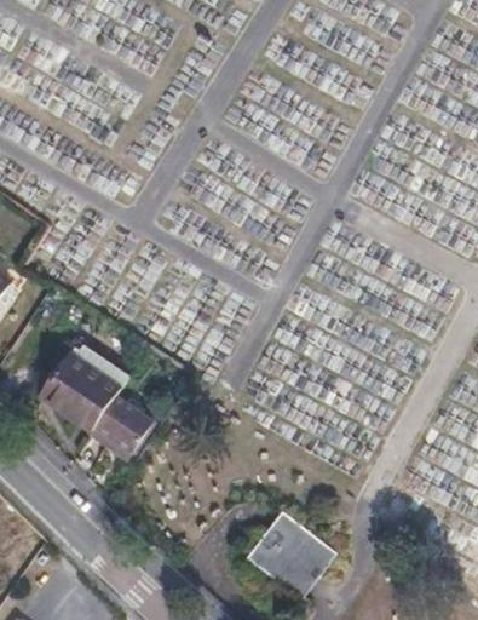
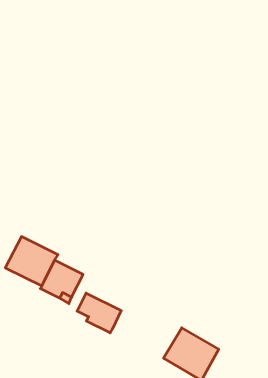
building: none -> [77,293,121,333]

